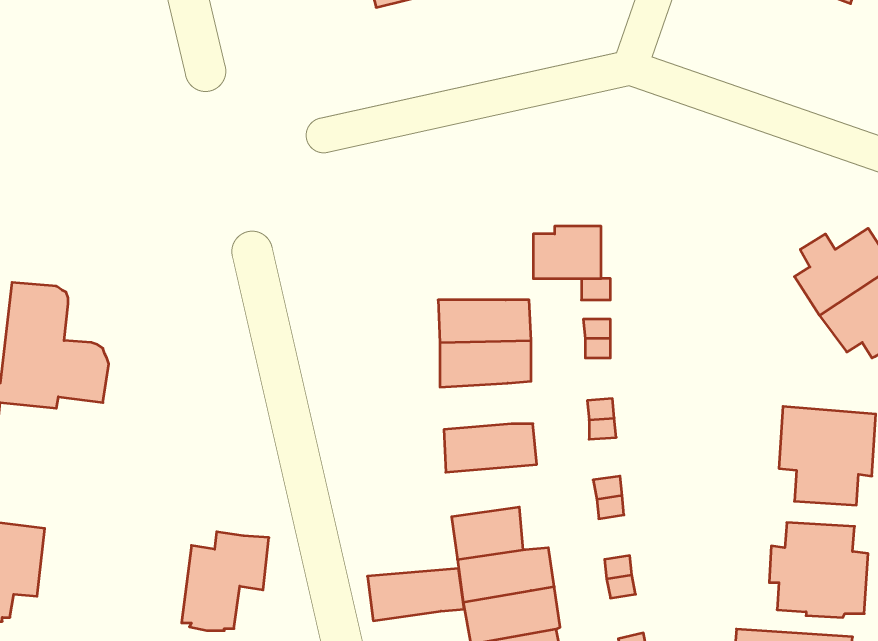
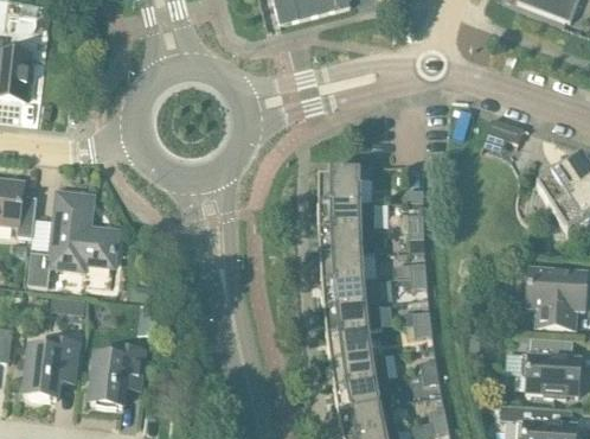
building: [533,226,601,279] -> [319,170,360,202]
building: none -> [320,253,364,281]
building: [182,532,269,631] -> [91,345,145,406]
building: [367,569,464,621] -> [323,303,383,335]

